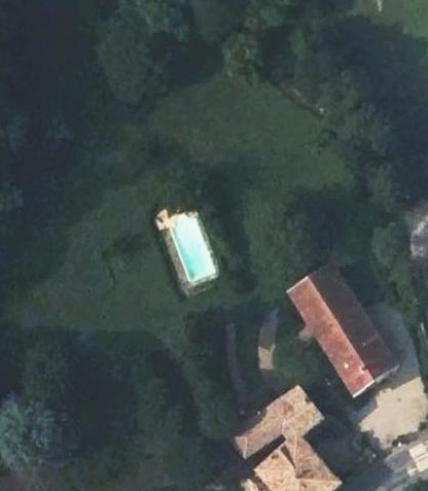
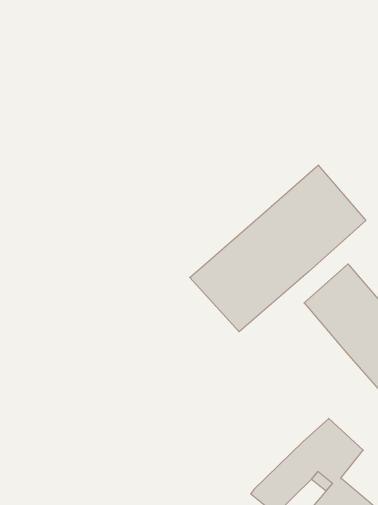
building: none -> [190,165,366,332]

